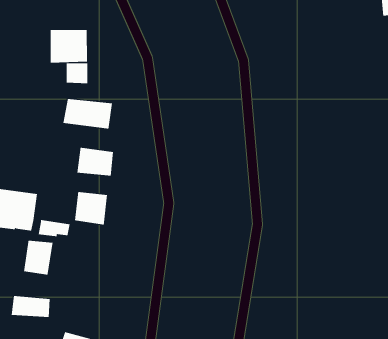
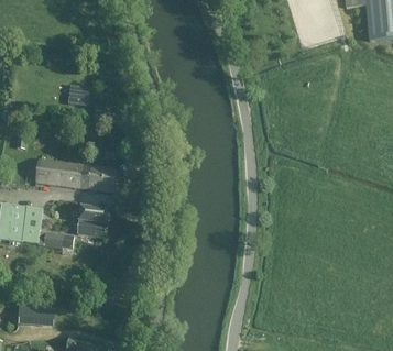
building: [50,29,87,64] -> none
building: [63,99,113,129] -> [35,158,83,187]
building: [23,240,53,276] -> none

